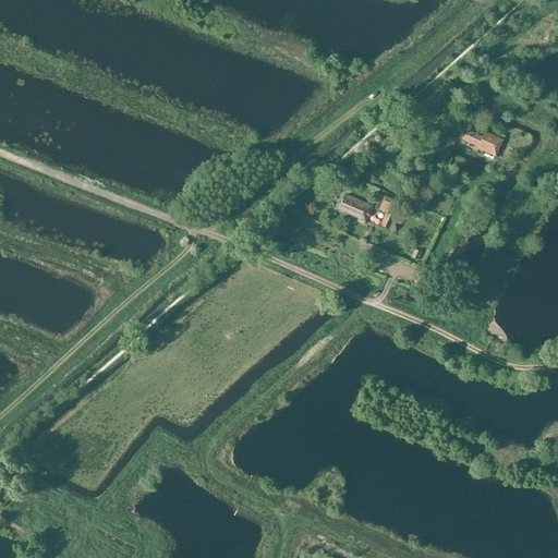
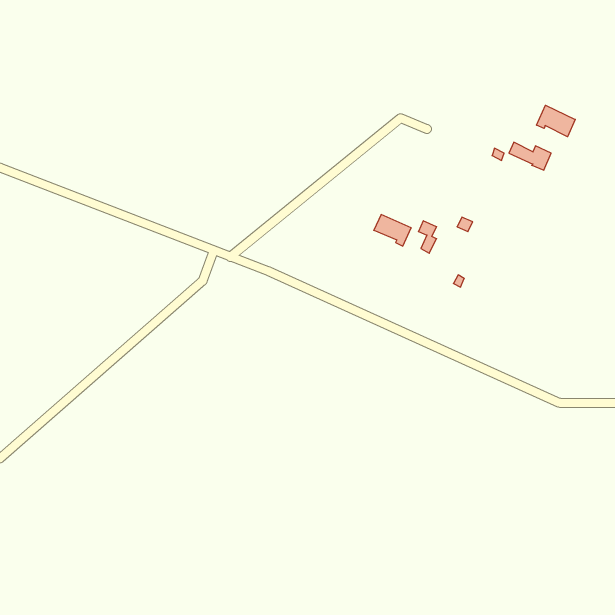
building: none -> [537,105,575,137]

